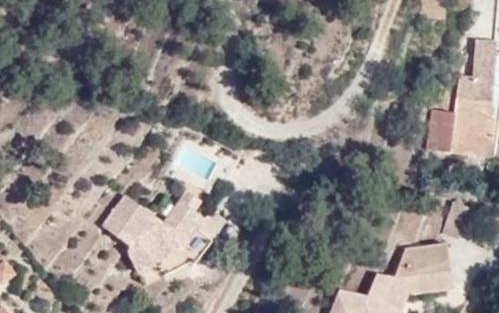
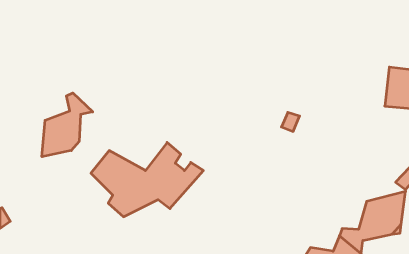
building: none -> [42,93,93,157]

